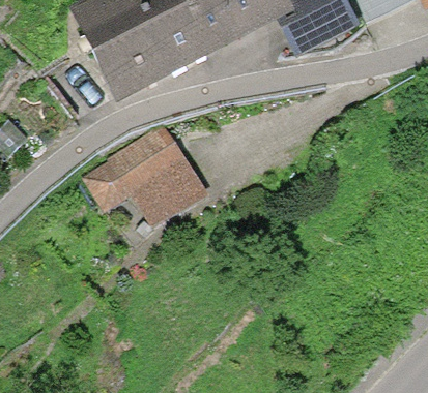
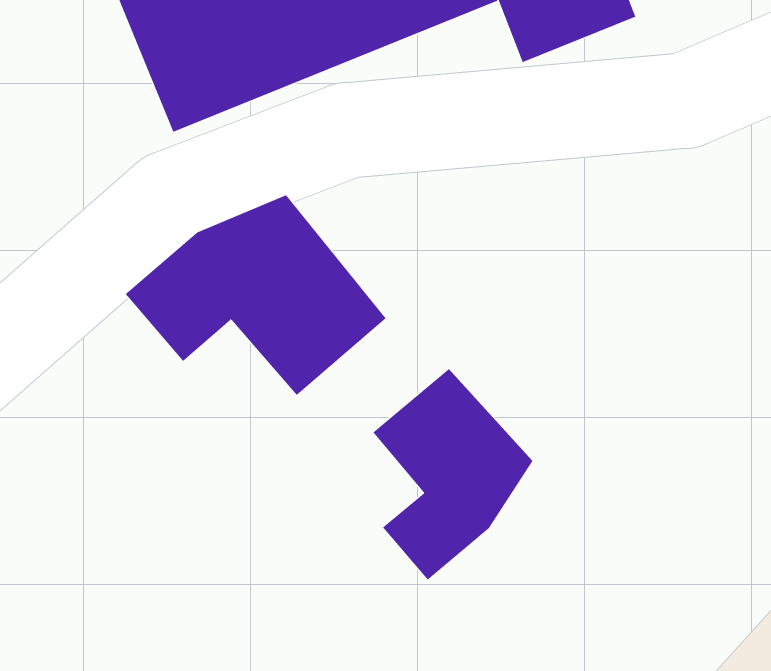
building: none -> [372,368,533,581]

